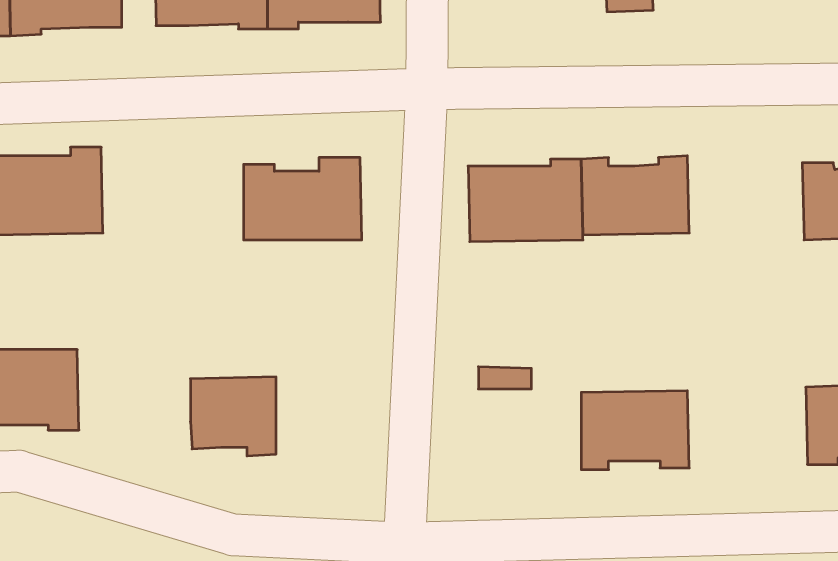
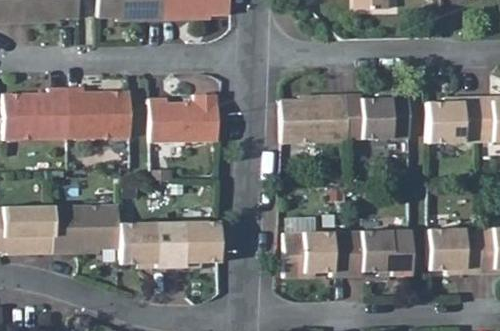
building: none -> [67,89,131,139]
building: none -> [427,98,477,144]
building: none -> [53,206,119,254]
building: none -> [169,223,219,268]
building: none -> [428,229,479,275]
building: none -> [284,232,347,278]

